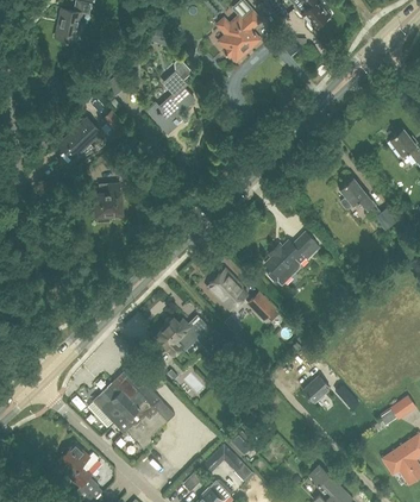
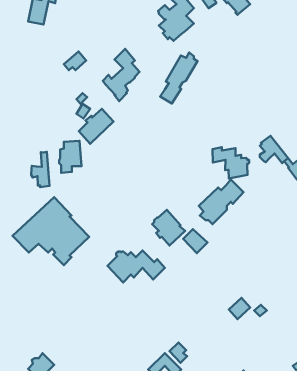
building: none -> [160,53,198,104]
building: [58,117,101,159] -> [79,109,114,144]
building: none -> [212,147,249,179]
building: none -> [31,152,50,187]
building: [80,365,174,448] -> [12,197,89,265]

